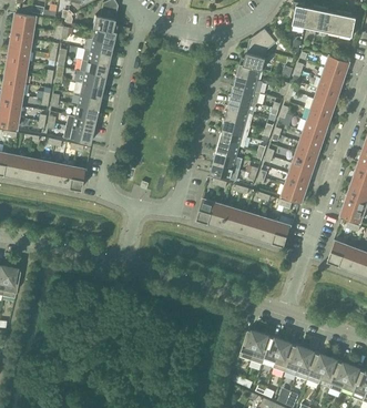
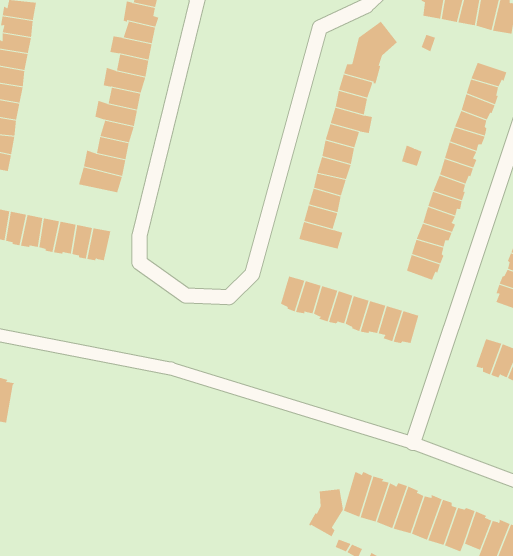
building: none -> [308,488,343,537]

